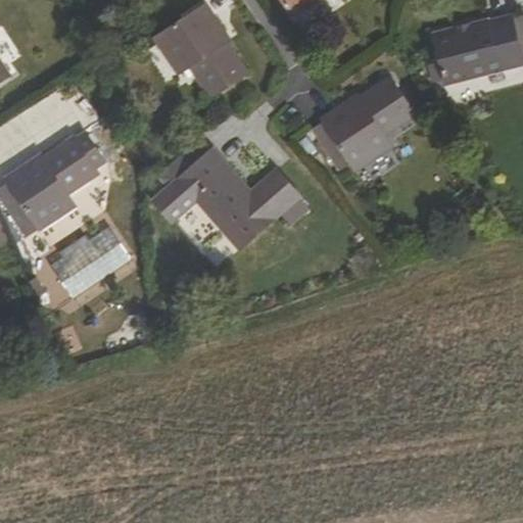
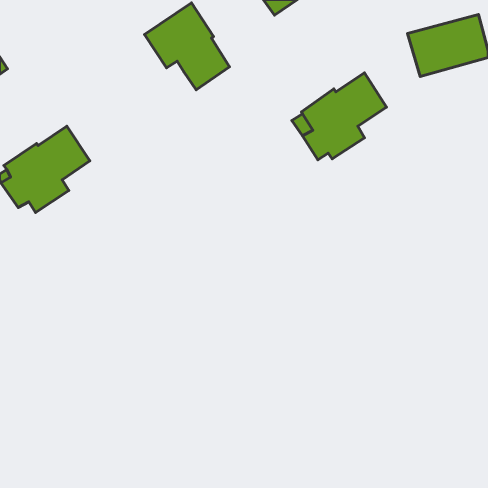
building: [157,148,301,248] -> none
building: [42,222,130,303] -> none

